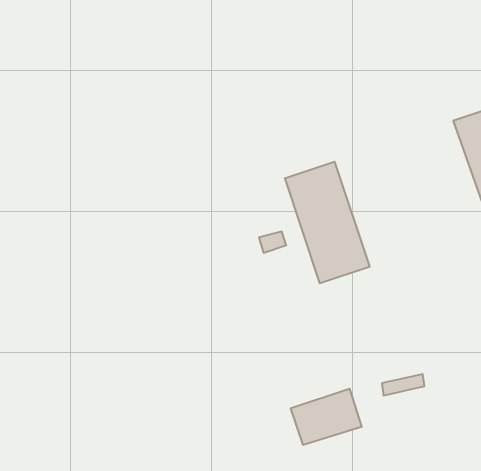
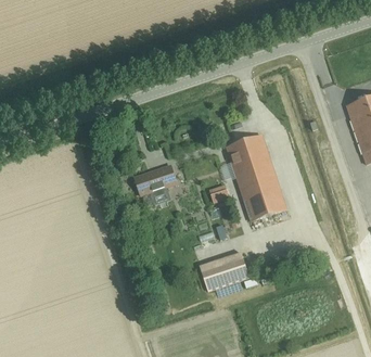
building: none -> [133,164,177,195]
building: [291,389,362,445] -> [199,251,250,291]

